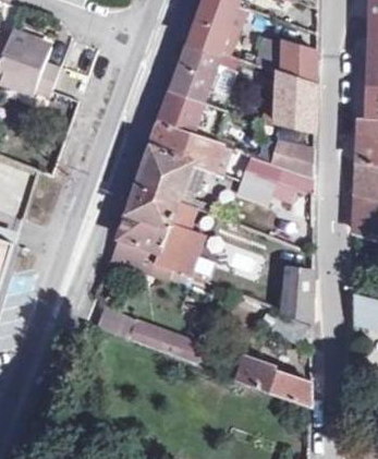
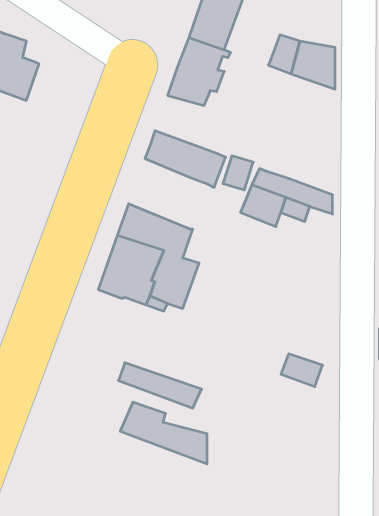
building: [276,75,315,129] -> none
building: [159,92,223,142] -> none
building: [255,138,313,178] -> none
building: [136,146,204,207] -> none
building: [279,267,309,322] -> none
building: [232,352,307,406] -> [120,402,207,464]

